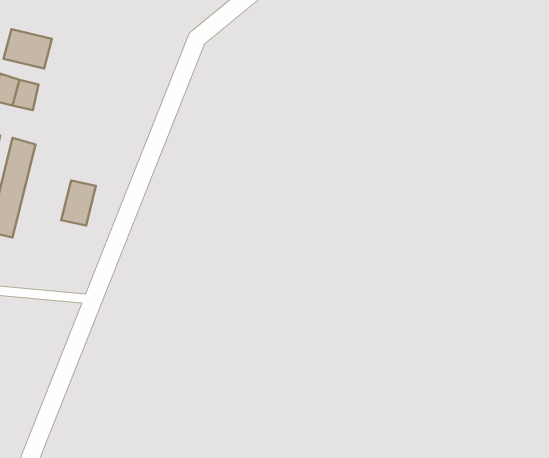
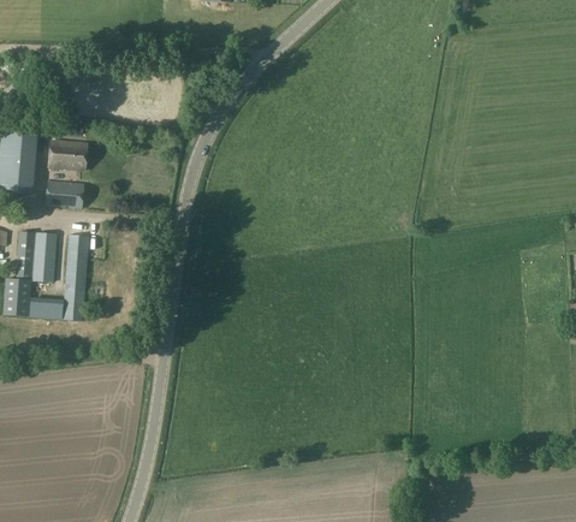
building: [61,180,96,226] -> none

